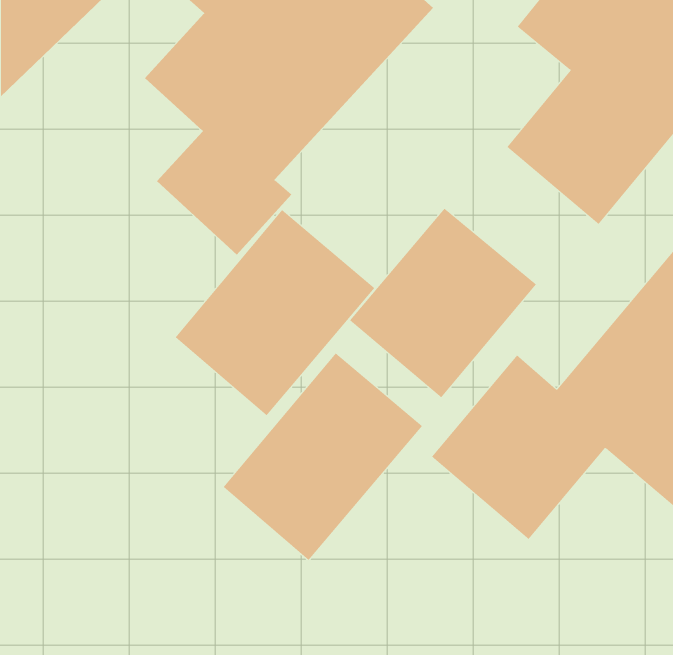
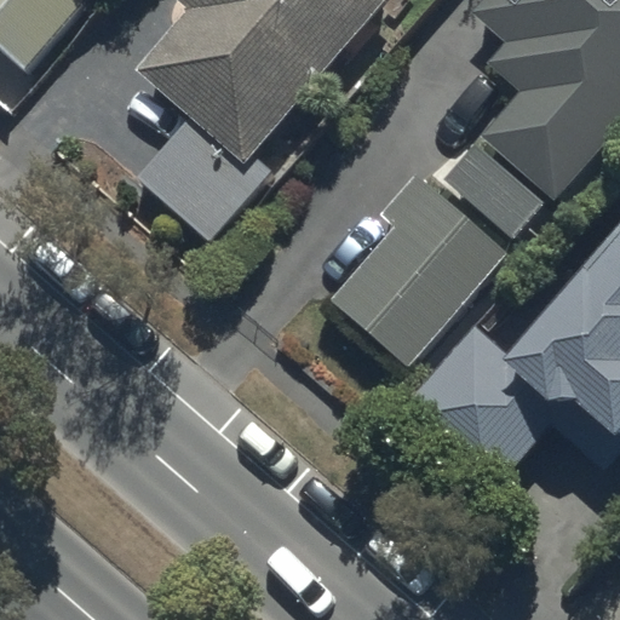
building: [175,209,375,416] -> none
building: [223,353,423,561] -> none

